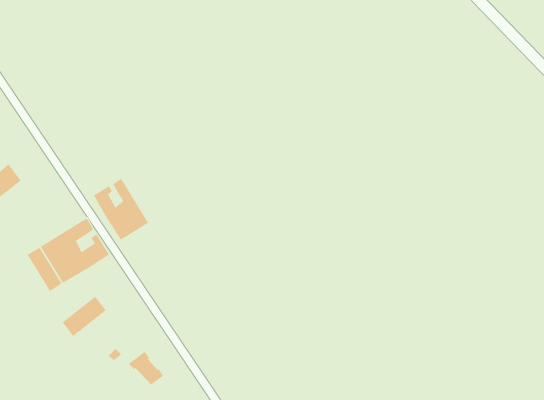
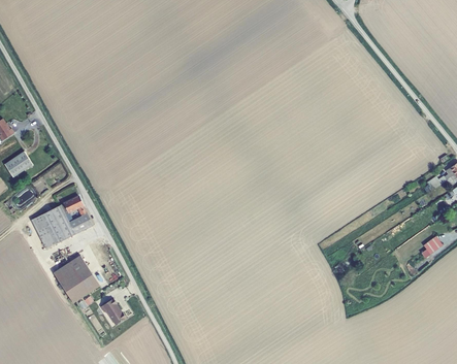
building: [93,178,149,240] -> none
building: none -> [60,266,99,303]

